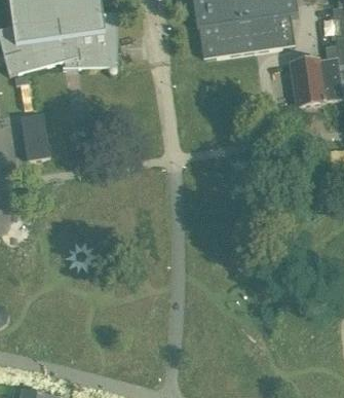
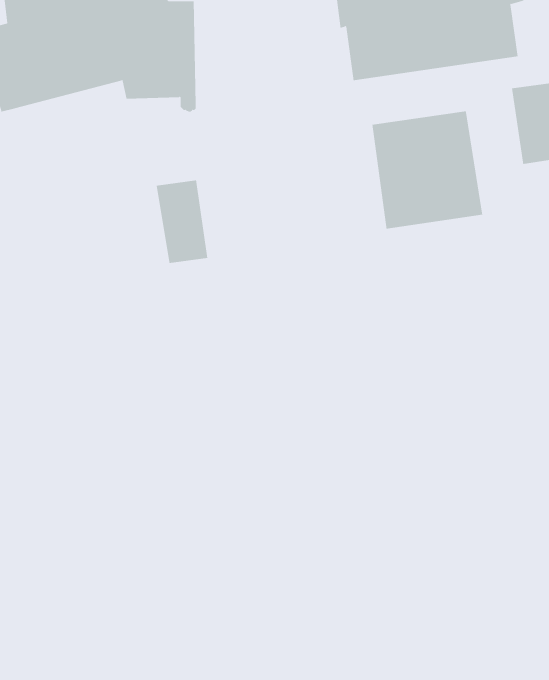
building: none -> [372,111,483,229]
building: [21,113,49,159] -> [156,180,208,264]

